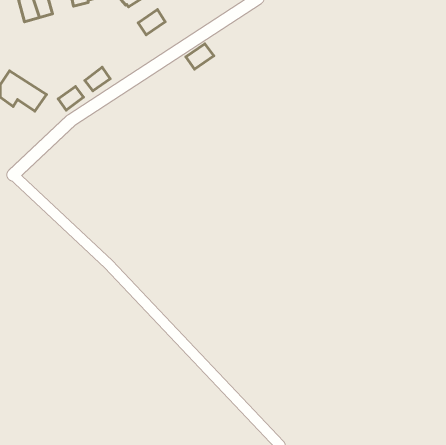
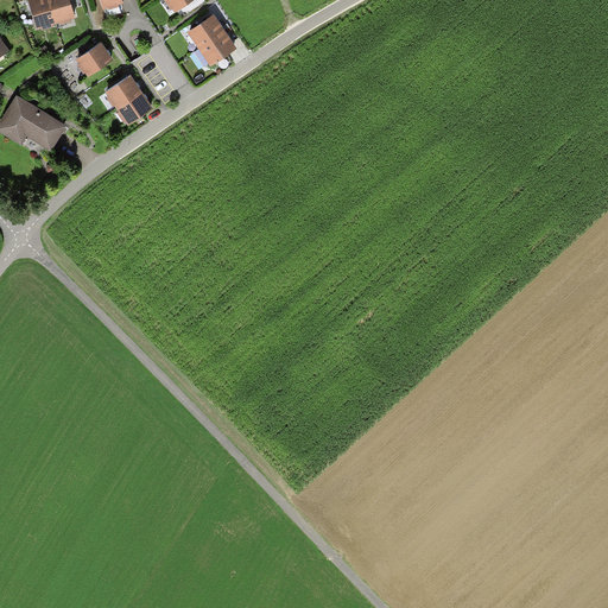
building: none -> [76,43,110,76]
building: [186,44,214,69] -> [200,30,238,64]
building: [58,87,84,110] -> [106,77,140,109]

